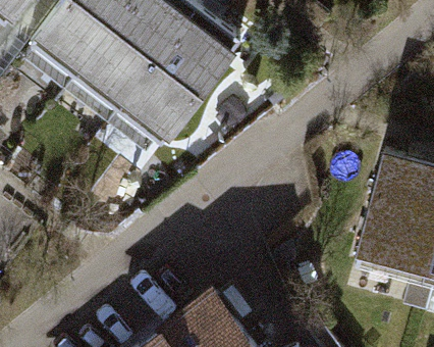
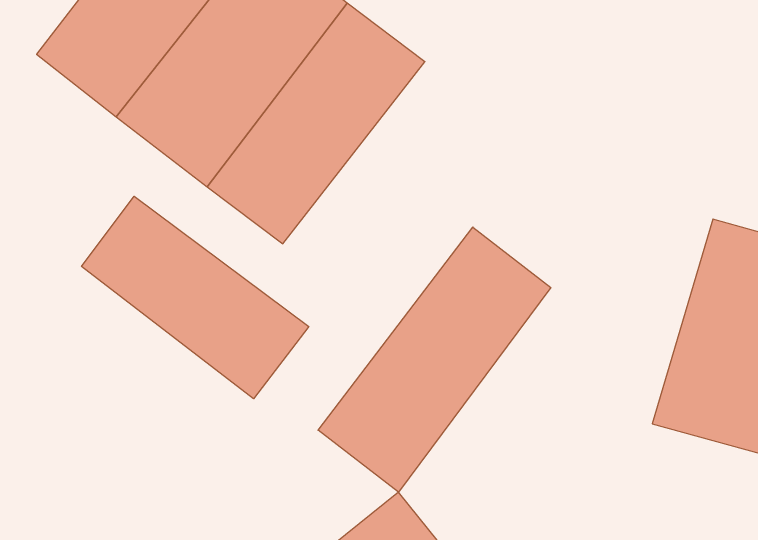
building: none -> [82,196,309,399]
building: none -> [318,227,551,492]

